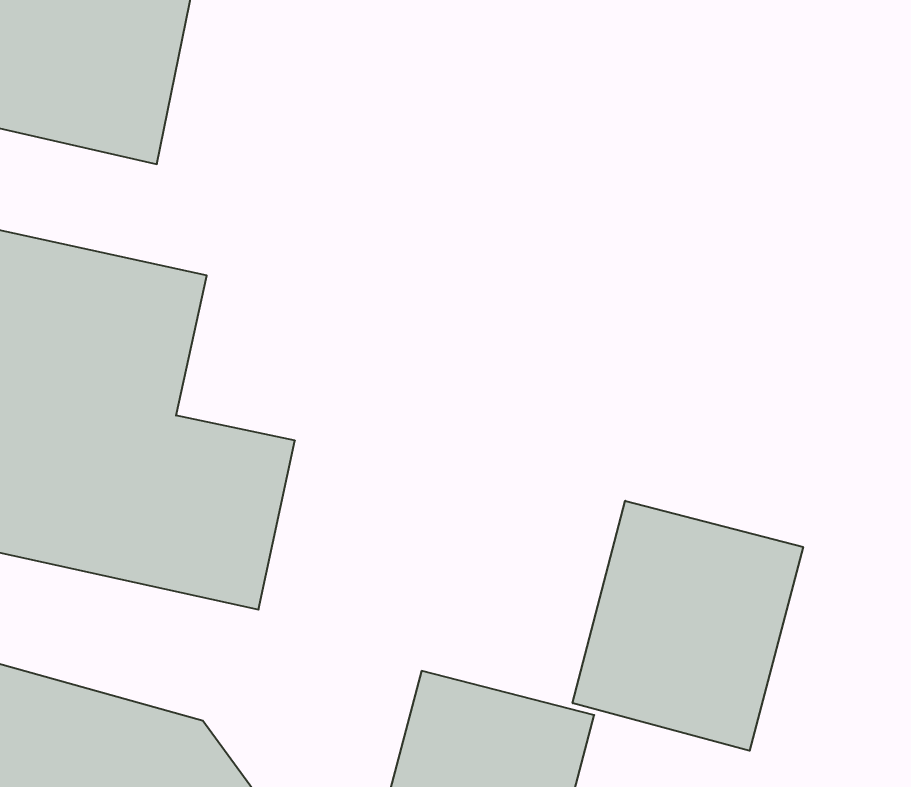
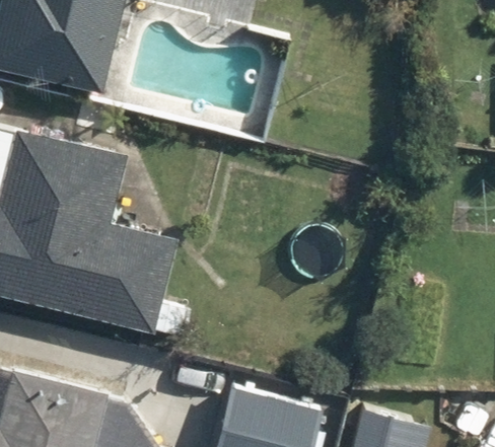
building: [573,501,803,751] -> none

